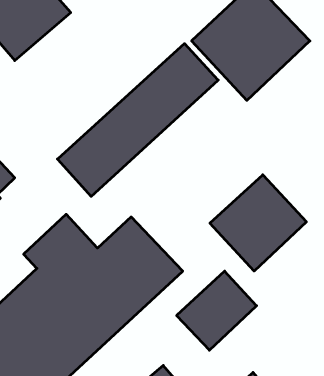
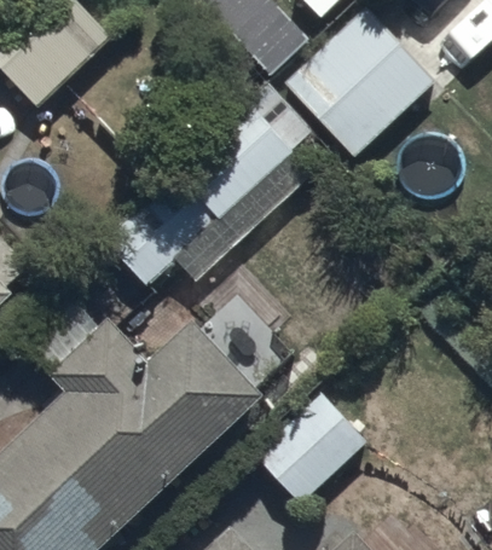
building: [210,175,306,271] -> none

